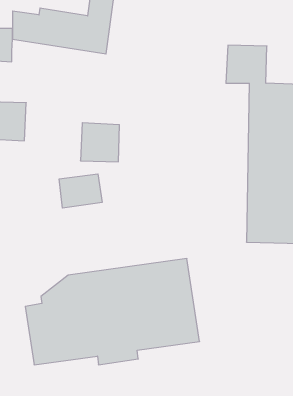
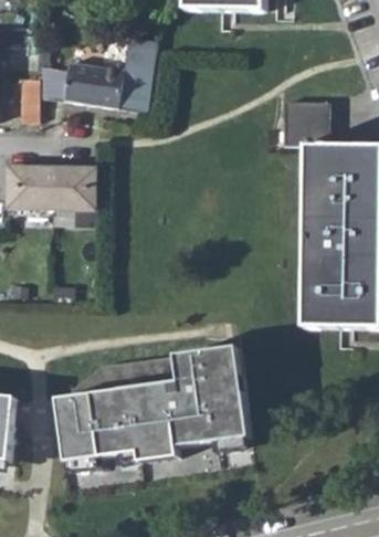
building: [80,123,119,162] -> [51,167,95,211]
building: [59,174,102,208] -> none

